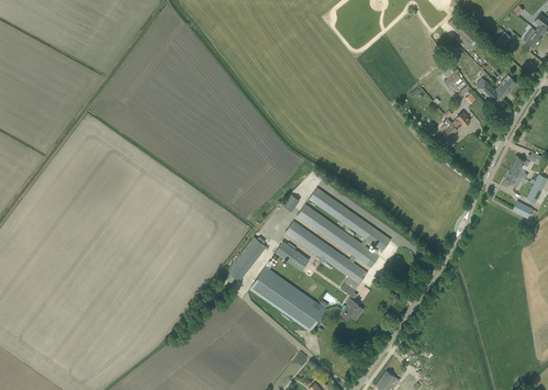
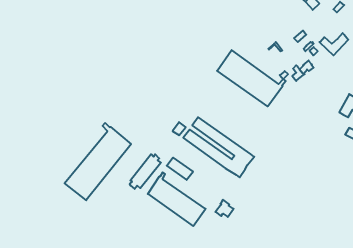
building: none -> [217,50,286,106]
building: none -> [65,123,131,200]
building: [286,220,367,296] -> none

